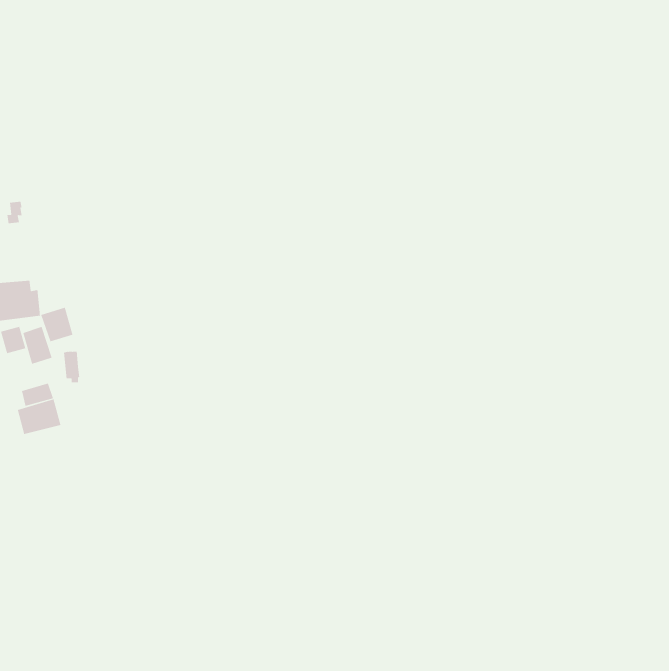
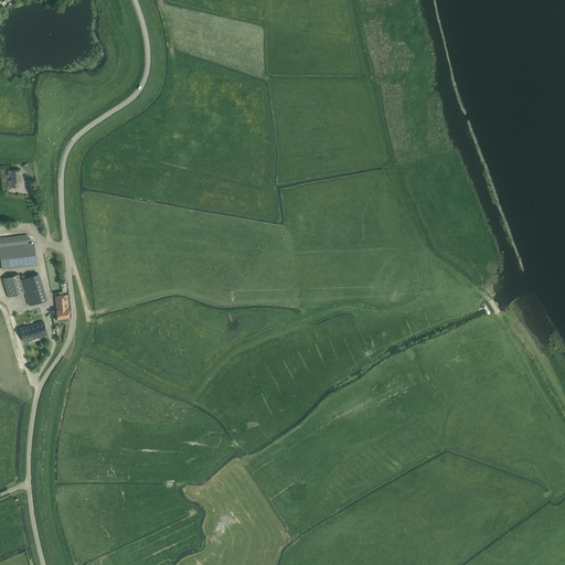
building: [41,307,73,342] -> none
building: [17,399,61,435] -> none

